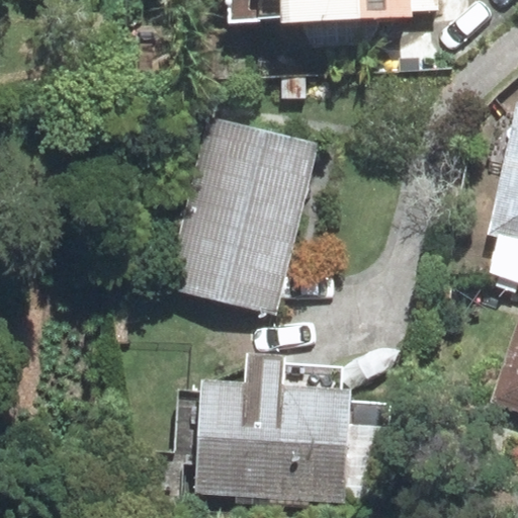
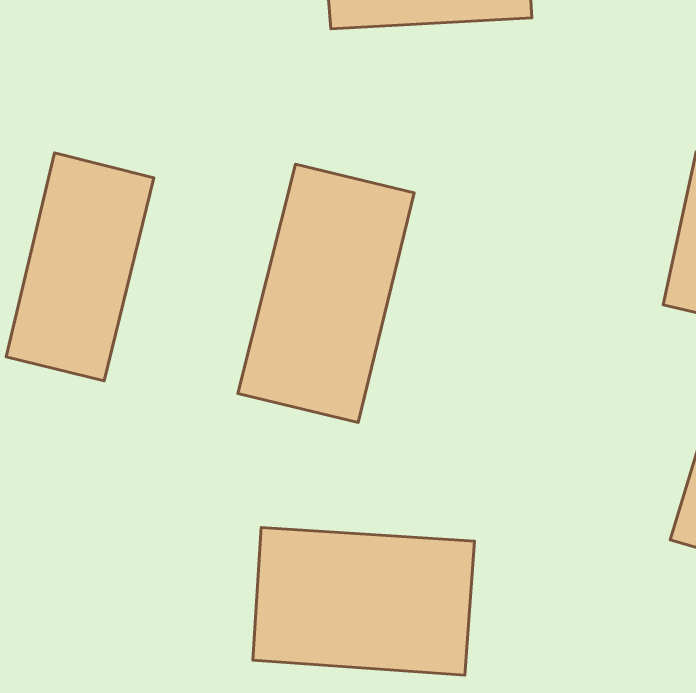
building: none -> [6,153,154,381]

